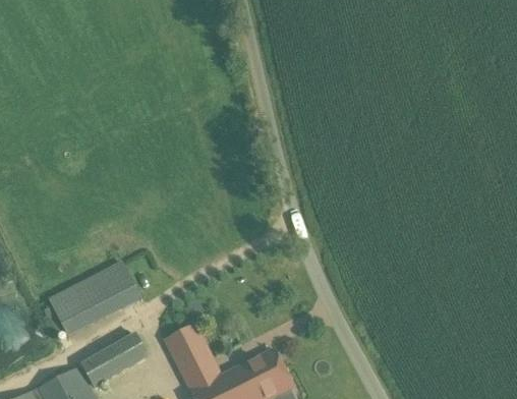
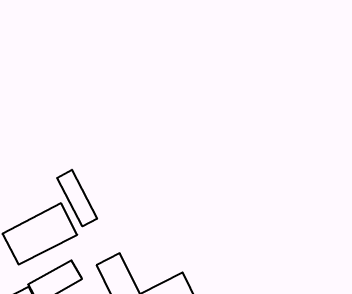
building: none -> [57,170,97,226]

